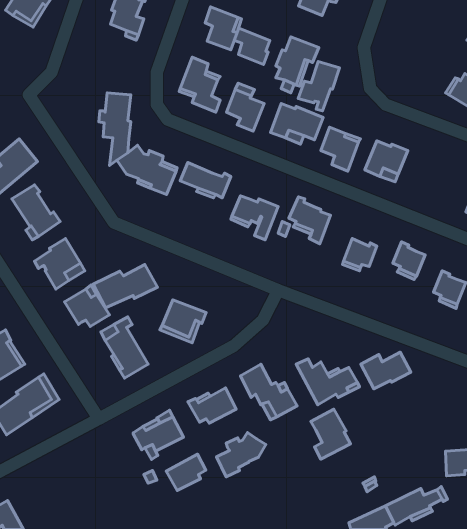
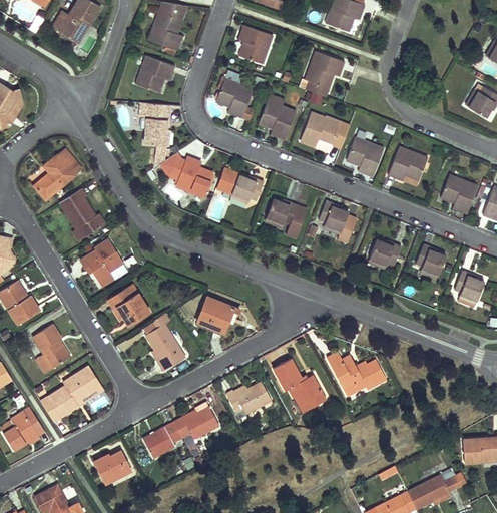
building: [234,28,270,64] -> none
building: none -> [134,54,174,91]
building: [298,61,340,111] -> none
building: none -> [442,173,478,214]
building: [93,264,158,308] -> none
building: [361,352,411,389] -> none
building: [311,409,350,459] -> none
building: [216,432,266,477] -> none
building: [166,454,206,491] -> [143,422,180,456]
building: none -> [95,450,131,483]

